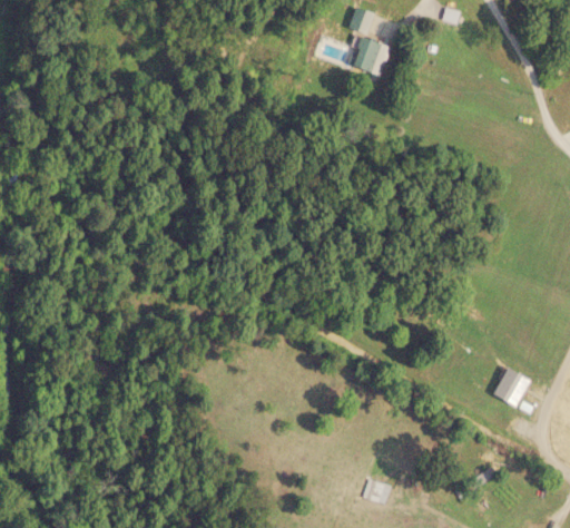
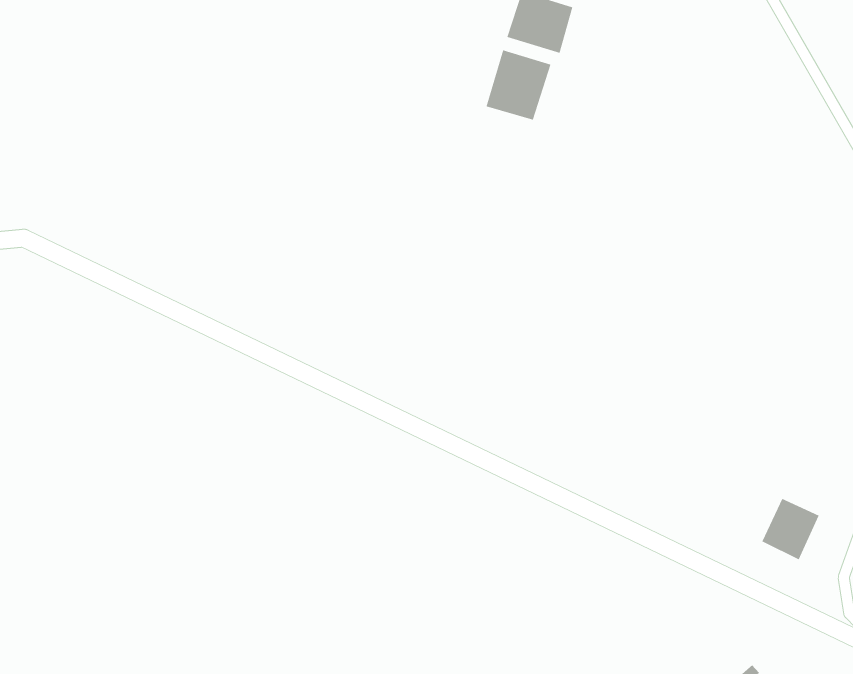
building: none -> [486,49,551,121]

